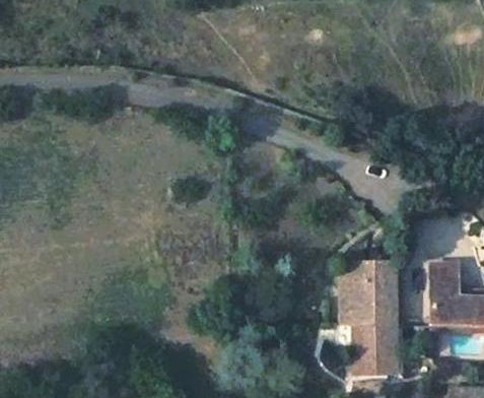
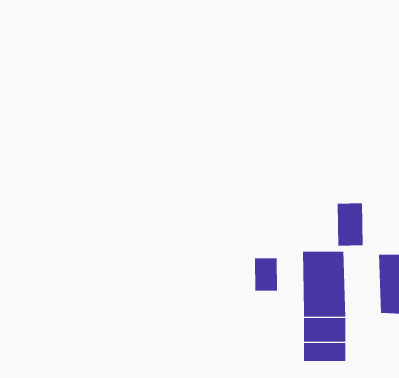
building: none -> [337,203,363,246]
building: none -> [254,258,278,291]

